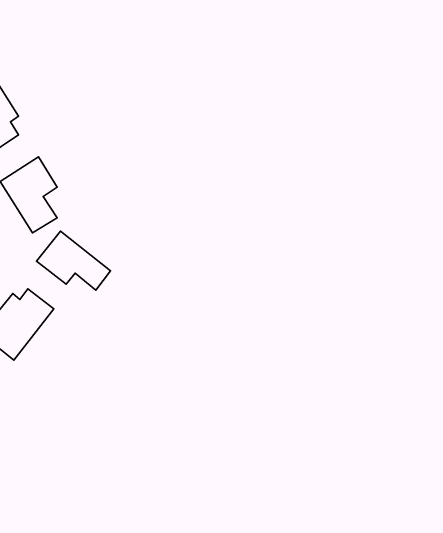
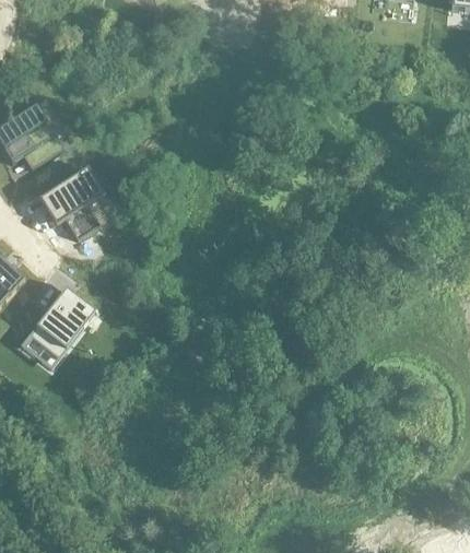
building: [37,231,110,290] -> none

